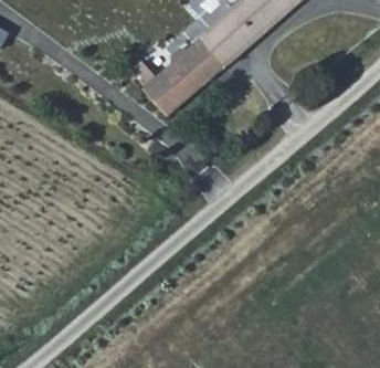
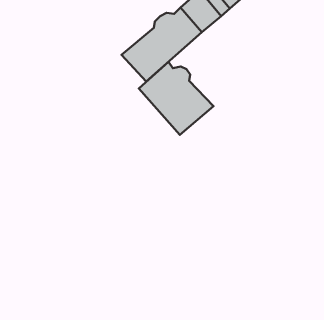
building: none -> [139,62,213,135]

